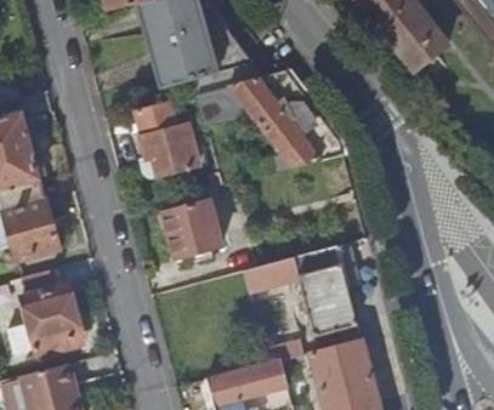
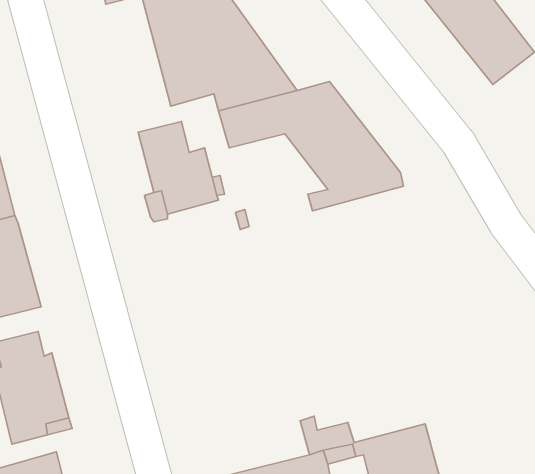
building: [163,190,221,260] -> none
building: [244,246,357,338] -> none

